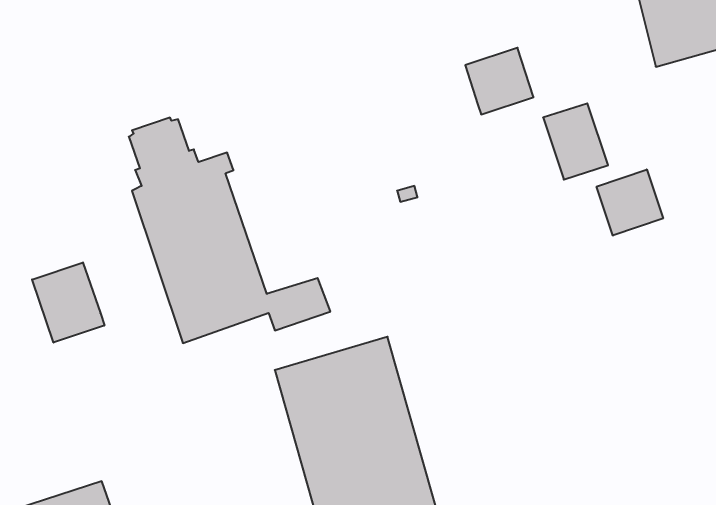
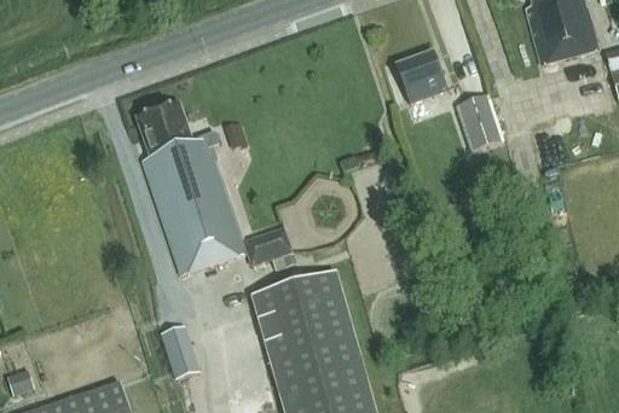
building: [597,169,663,236] -> none
building: [32,262,104,343] -> none
building: none -> [161,325,199,378]

